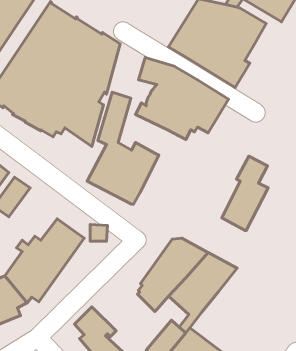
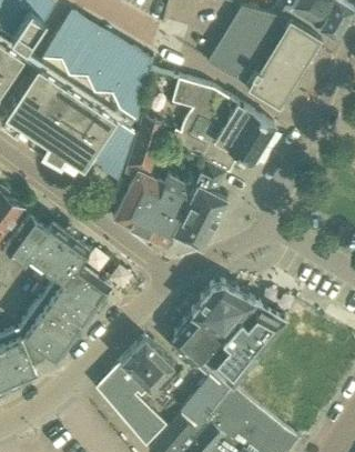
building: [222,156,268,230] -> [175,160,229,245]
building: none -> [24,221,90,287]
building: none -> [120,338,174,392]

